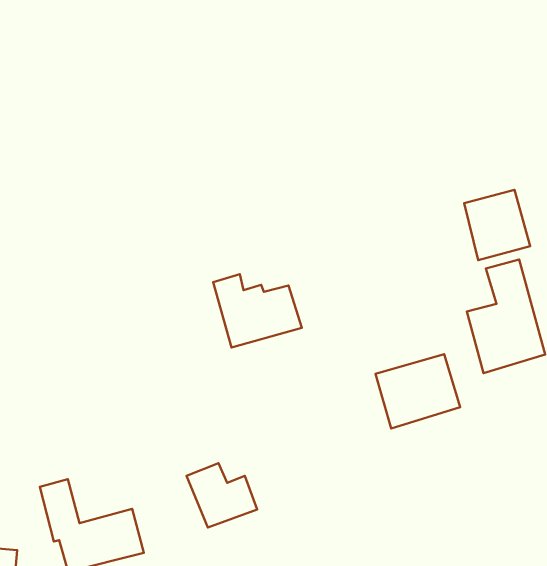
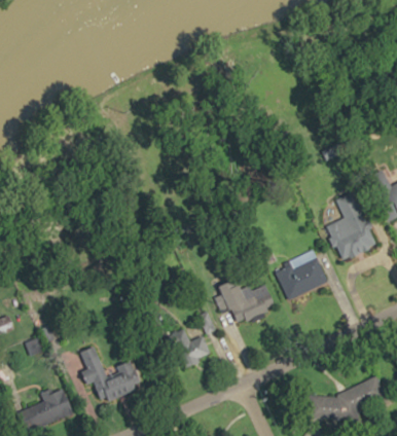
building: [464,190,530,260] -> none
building: [213,274,302,347] -> [220,280,276,324]

